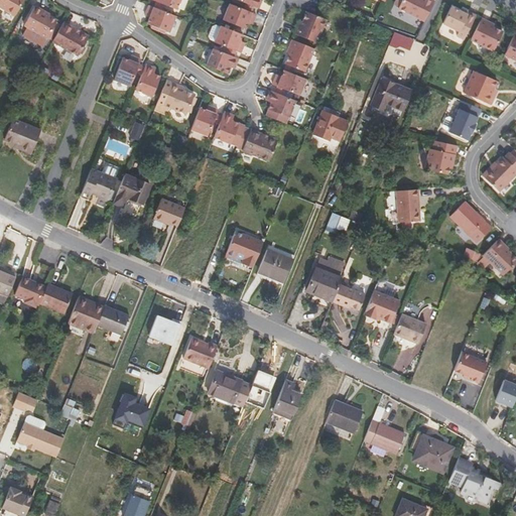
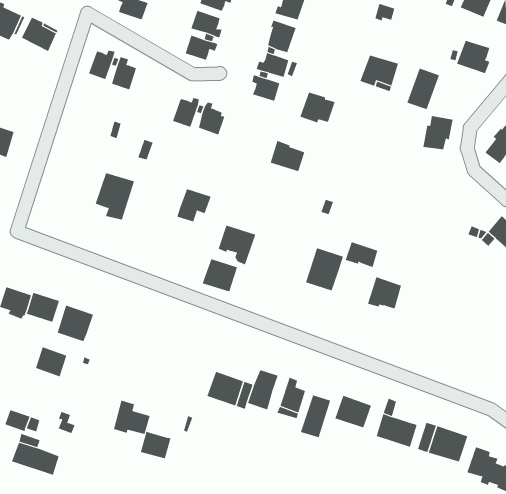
building: [155,81,194,114] -> none
building: [447,100,481,140] -> [407,68,440,110]
building: [242,129,276,160] -> [270,140,305,172]
building: [80,167,115,201] -> none
building: [397,188,420,221] -> none
building: [150,199,184,231] -> [177,189,211,222]
building: [450,203,491,243] -> none
building: [257,248,292,281] -> [202,258,238,292]
building: [332,283,364,309] -> [345,242,378,268]
building: [97,304,128,335] -> [35,346,67,377]
building: [148,312,182,345] -> none
building: [393,312,426,343] -> none
building: [183,338,218,368] -> none
building: [454,352,487,382] -> none
building: none -> [300,395,331,439]
building: none -> [140,431,171,459]

